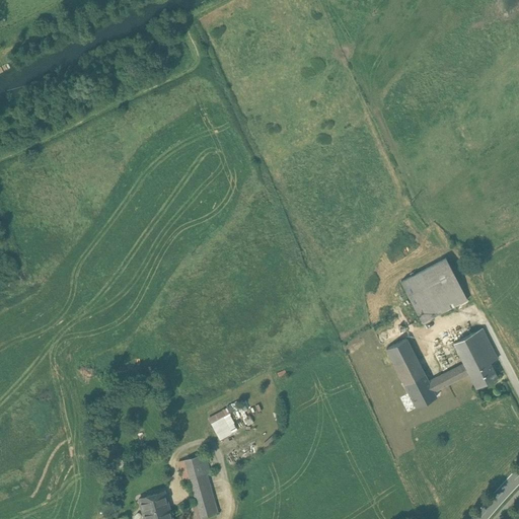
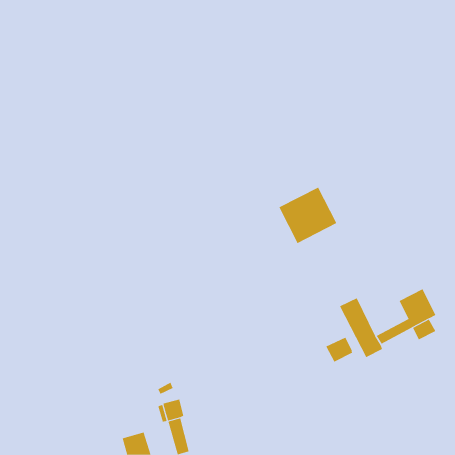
building: [400,258,467,323] -> [279,187,337,244]
building: none -> [326,337,353,363]
building: [207,407,238,439] -> none

